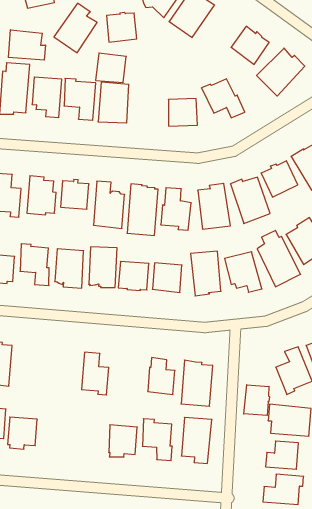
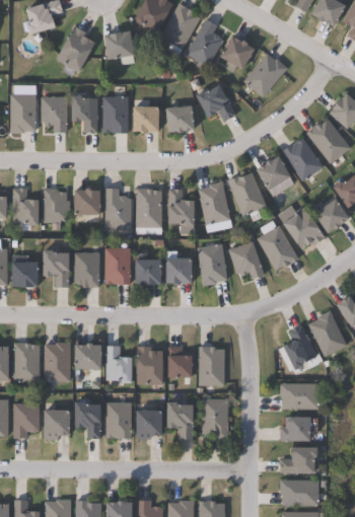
building: none -> [187,17,223,66]
building: [8,30,45,60] -> none
building: [96,53,126,83] -> [132,105,158,131]
building: none -> [45,342,70,381]
building: none -> [74,344,99,369]
building: none -> [137,346,162,384]
building: [244,385,270,415] -> none
building: none -> [73,402,100,439]
building: none -> [106,402,131,439]

